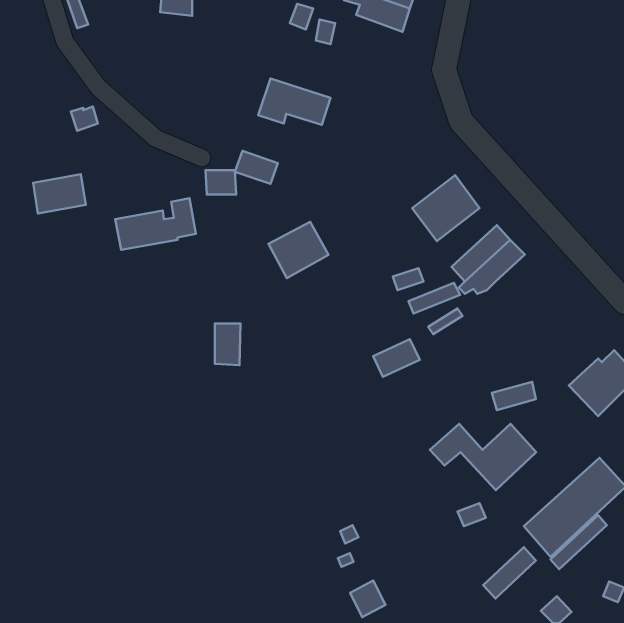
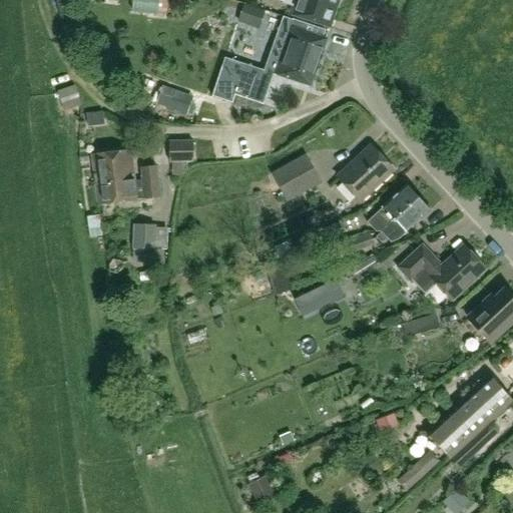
building: none -> [274,17,328,84]
building: [235,151,278,184] -> [157,85,192,112]
building: [33,174,86,213] -> [91,147,134,179]
building: [269,222,329,278] -> [273,153,322,199]
building: [215,324,241,365] -> [134,221,155,255]
building: [430,424,536,490] -> [398,243,485,298]
building: [350,580,386,617] -> [248,474,278,504]

